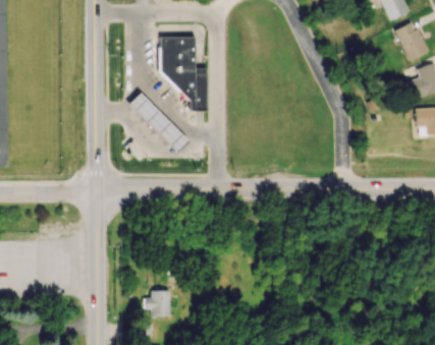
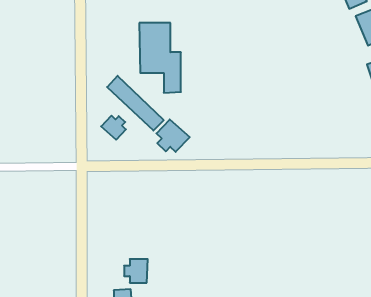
building: none -> [101,116,126,140]
building: none -> [156,119,190,152]

